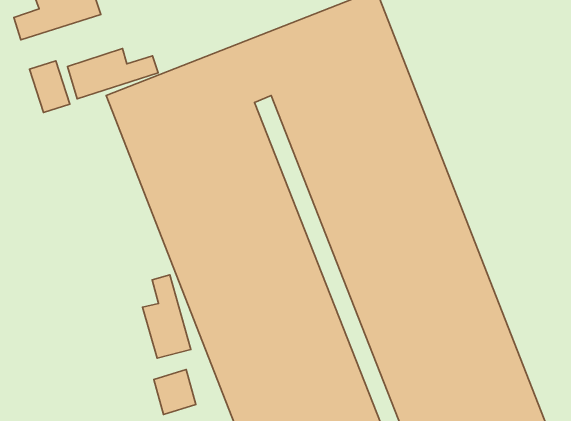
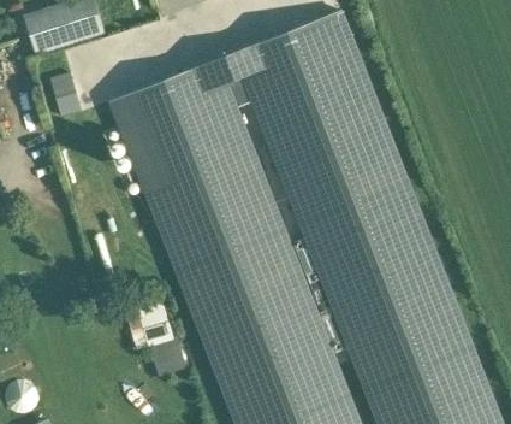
building: [68,49,158,99] -> none
building: [142,275,191,358] -> none

